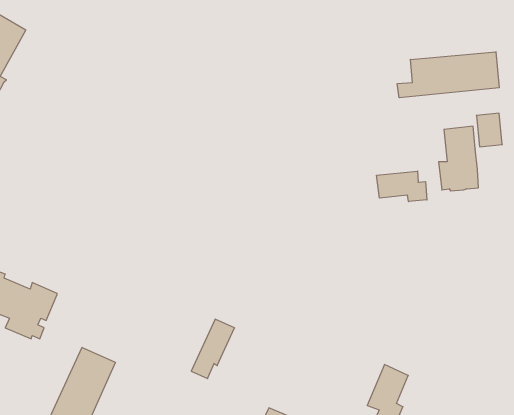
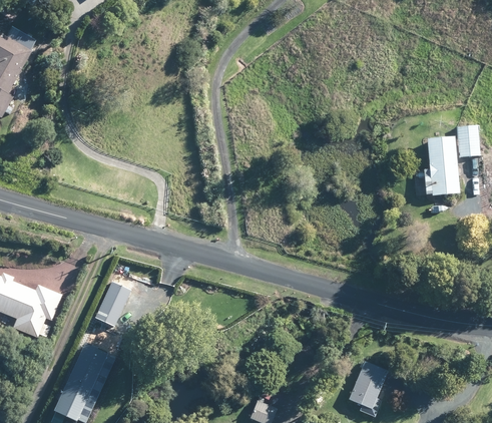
building: [397,52,499,98] -> none
building: [377,171,427,202] -> none
building: [191,319,235,379] -> [88,285,128,340]

